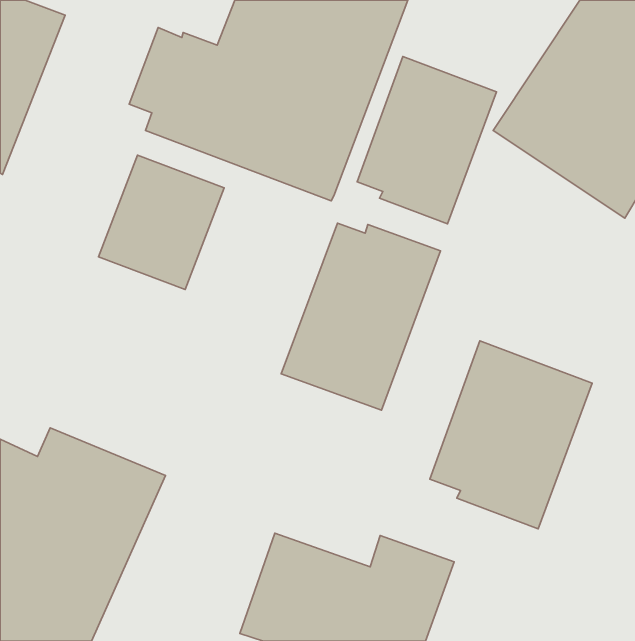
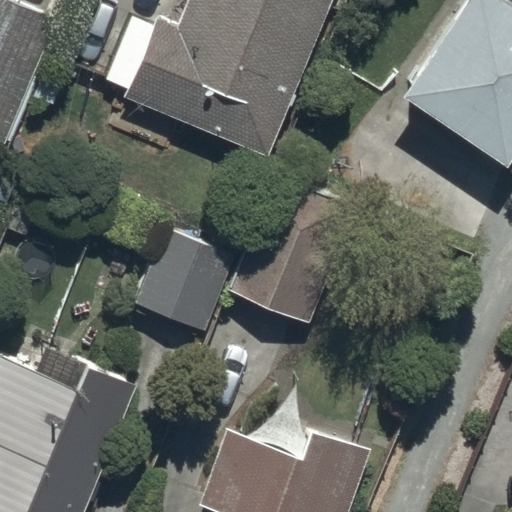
building: [357,56,497,224] -> none
building: [99,155,224,289] -> [135,229,235,336]
building: [430,341,592,529] -> none

